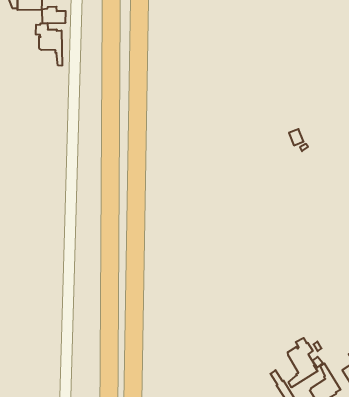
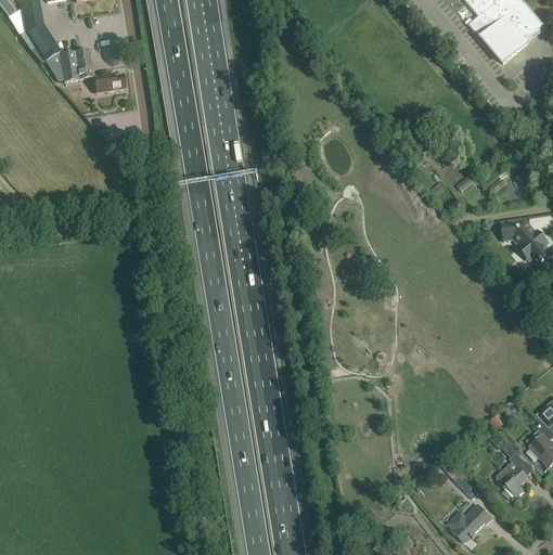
building: [36,23,62,66] -> none
building: [288,338,318,387] -> none

